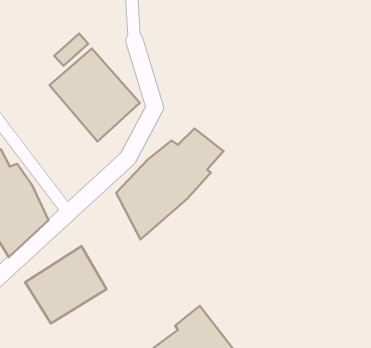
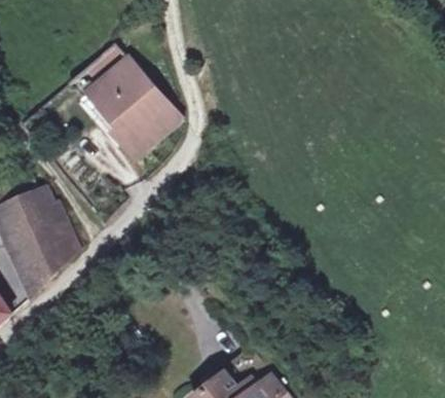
building: [116,128,224,239] -> none
building: [25,246,107,323] -> none

